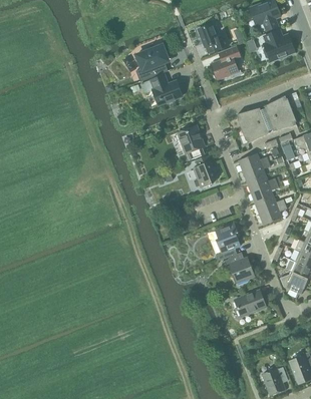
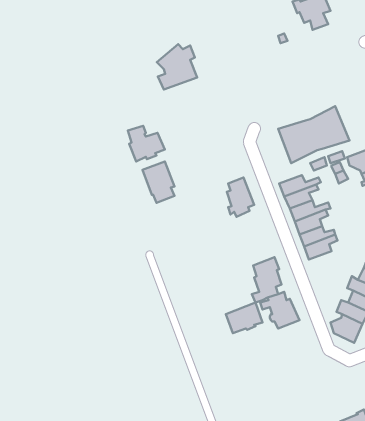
building: [199,24,229,51] -> none
building: [263,30,295,61] -> none
building: [212,46,243,79] -> none
building: [151,75,183,105] -> [128,126,165,162]
building: [178,125,205,160] -> [142,161,174,203]
building: [235,290,266,316] -> [226,302,263,333]

